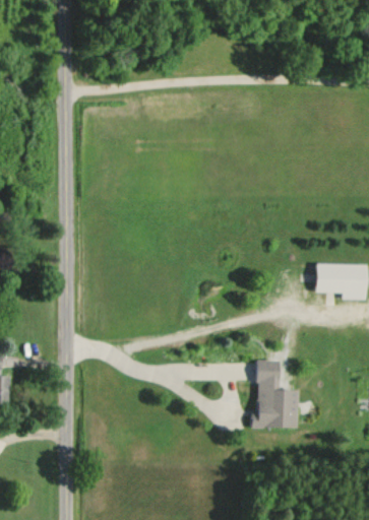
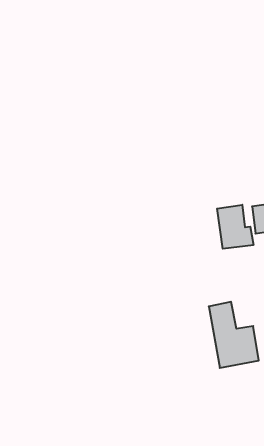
building: none -> [217,205,253,249]

